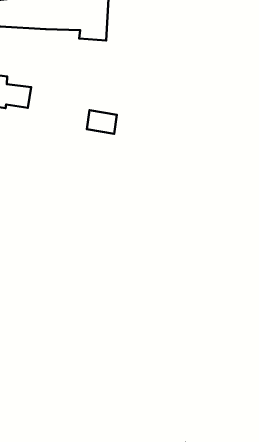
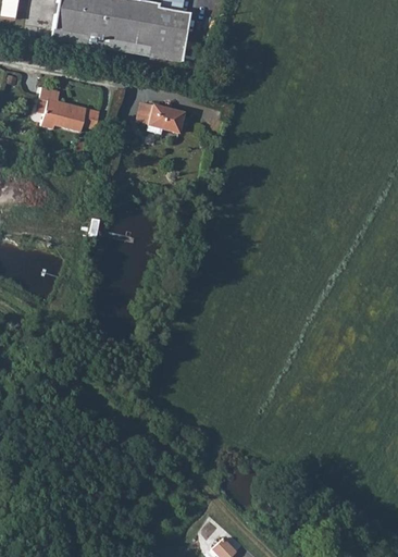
building: [87,110,117,134] -> [148,103,185,134]

